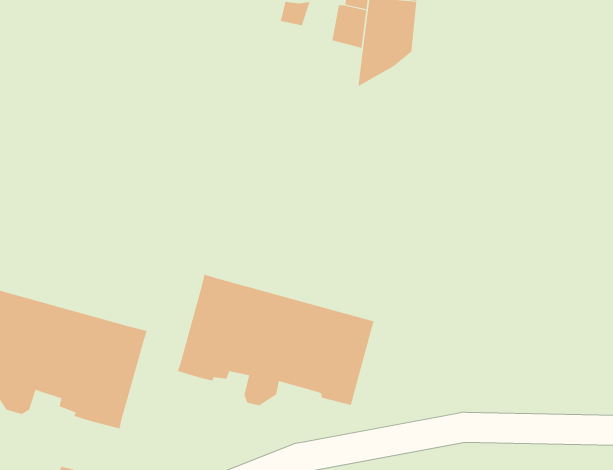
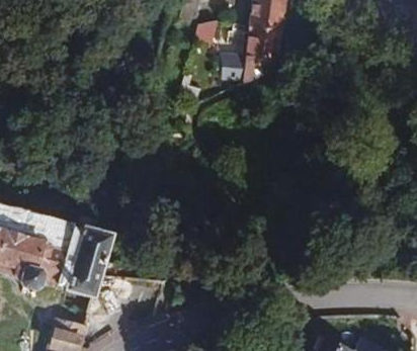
building: [177,274,374,406] -> none

